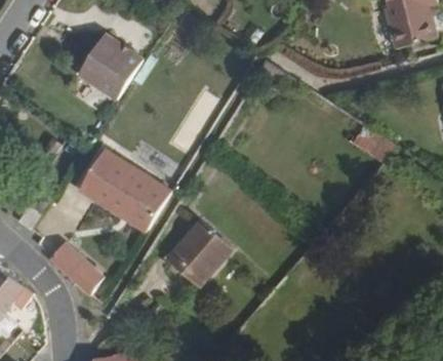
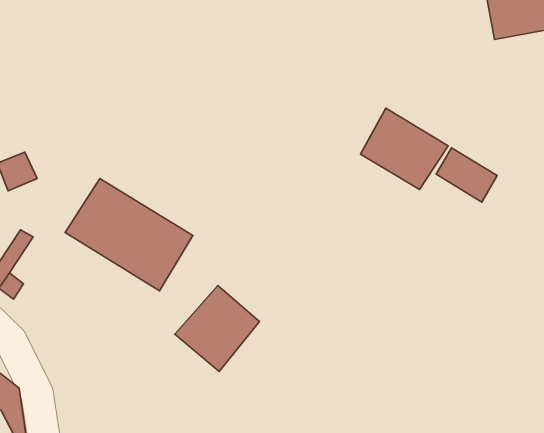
building: [77,31,143,97] -> none
building: none -> [360,108,448,189]
building: [48,242,104,296] -> none

